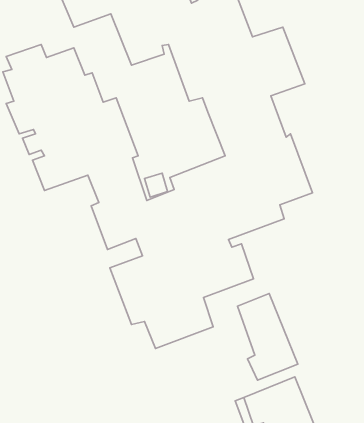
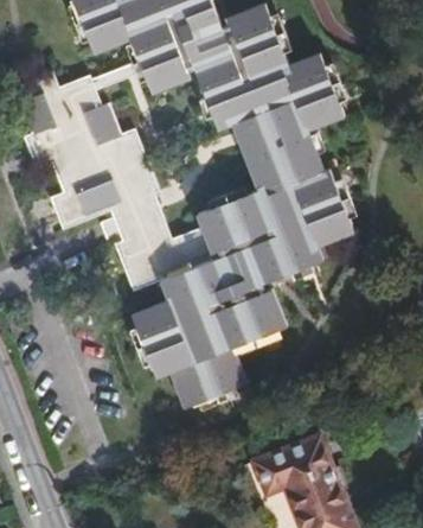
building: [238,294,298,380] -> none

